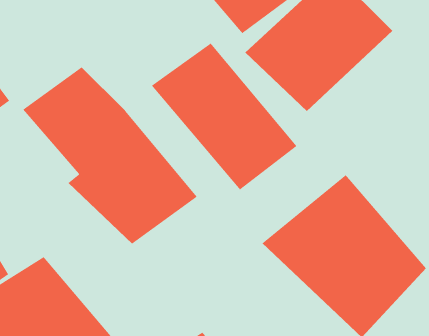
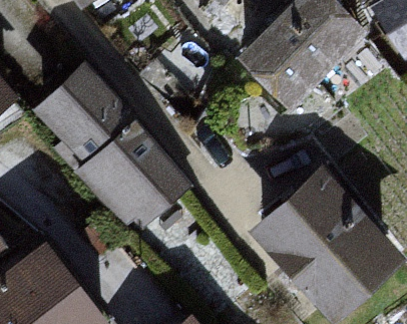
building: [151,43,298,190] -> none

